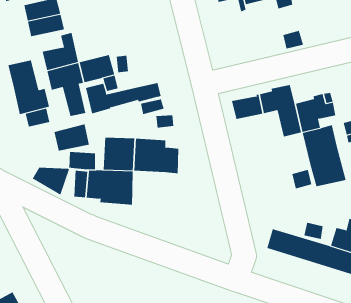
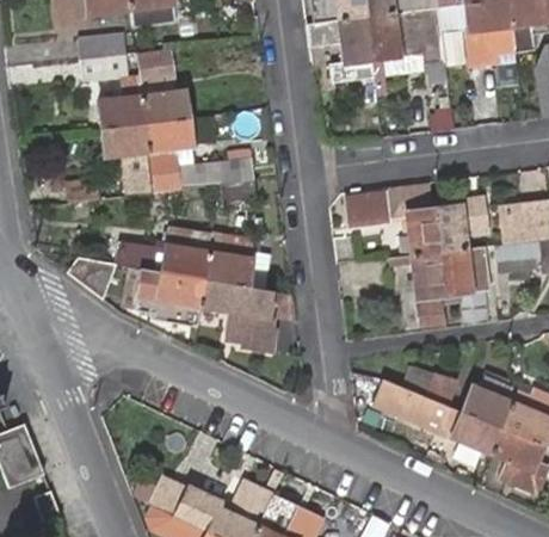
building: [8,60,50,115] -> [137,47,189,119]
building: [54,124,89,152] -> none
building: none -> [391,248,445,297]
building: none -> [201,276,273,346]

